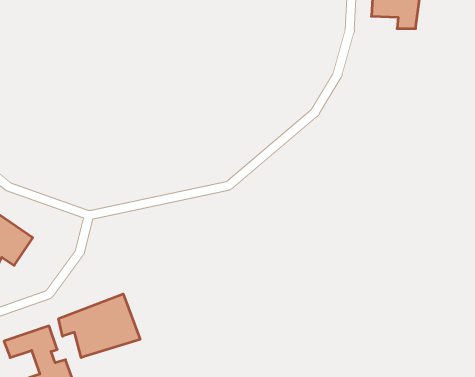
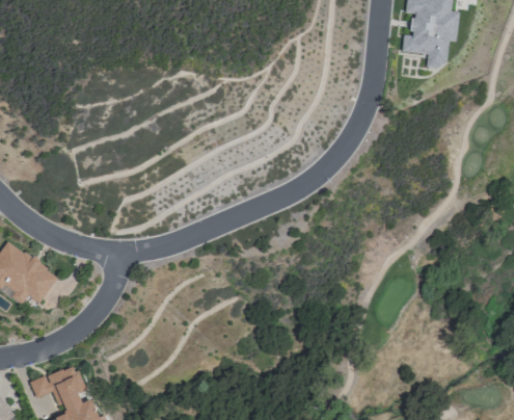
building: [59,294,140,358] -> none

